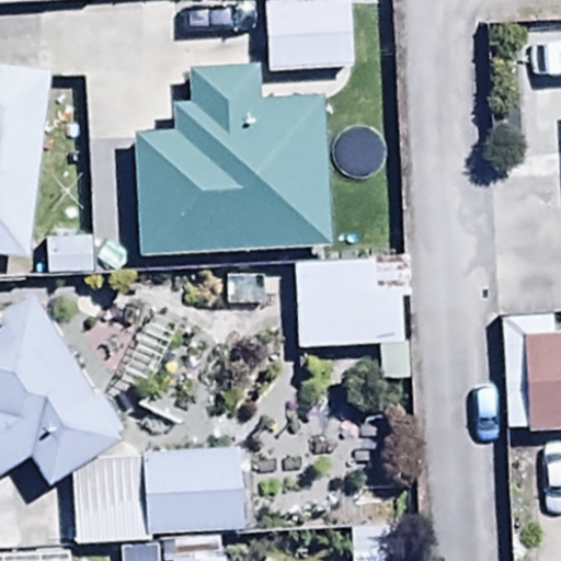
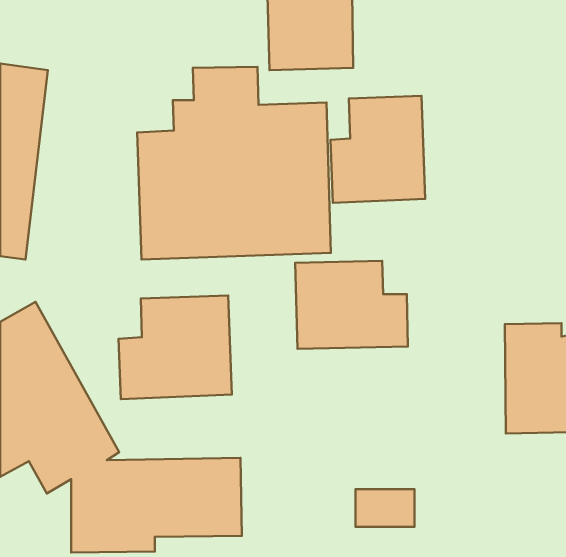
building: none -> [330,96,425,203]
building: none -> [118,296,232,399]

